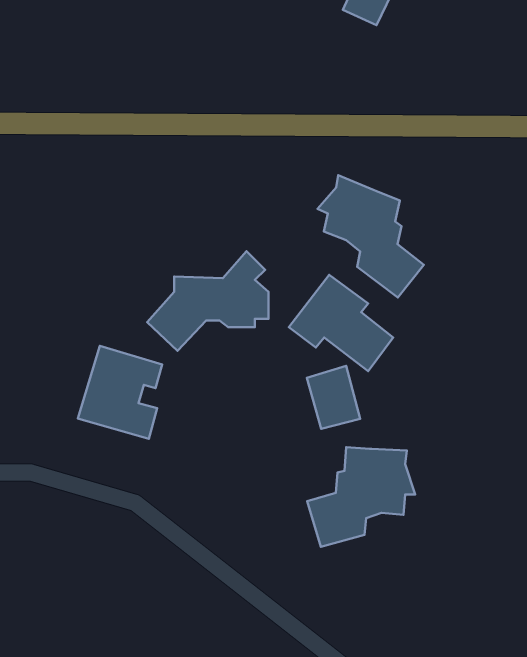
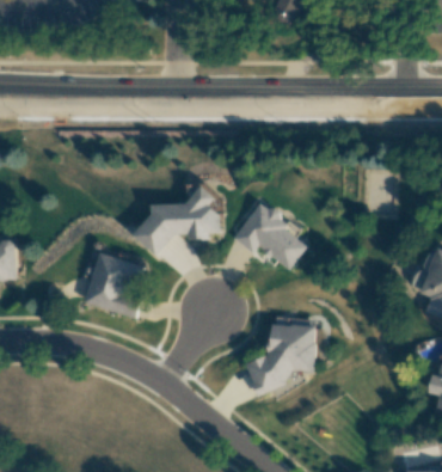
building: [318,175,424,297] -> none
building: [307,366,360,429] -> none

